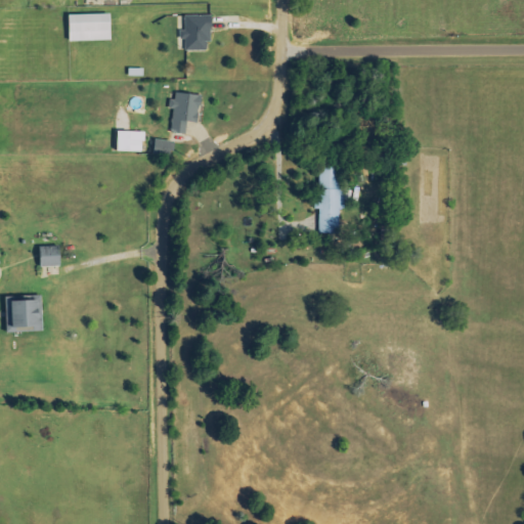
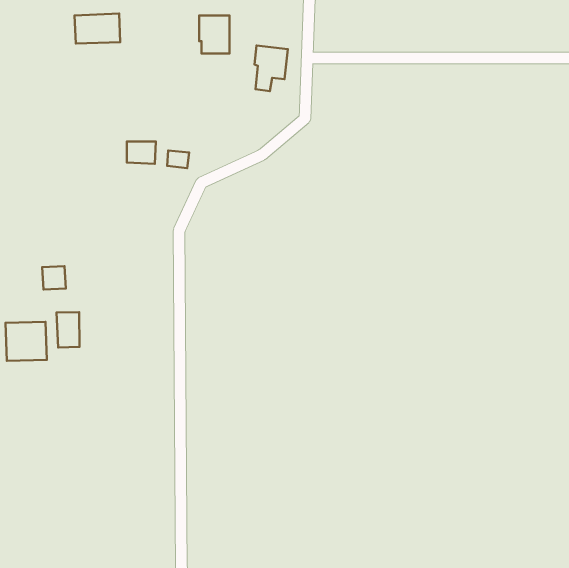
building: [171,91,202,133] -> [254,46,288,91]
building: [313,166,344,233] -> none
building: none -> [57,312,80,347]

